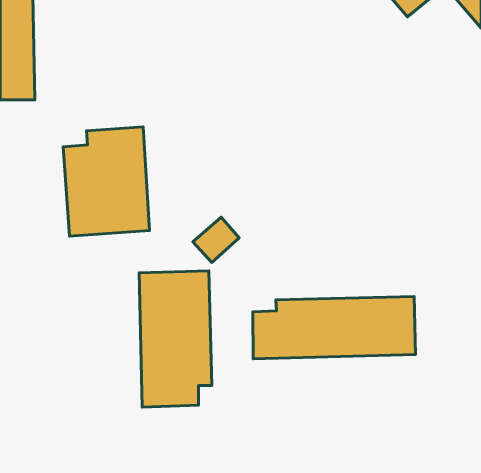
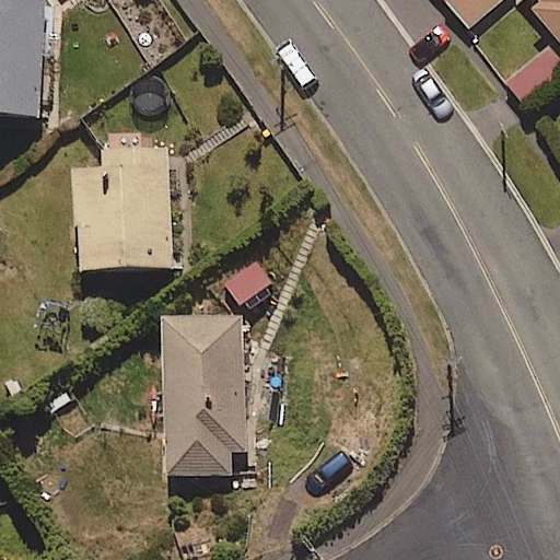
building: [253,296,415,359] -> none

